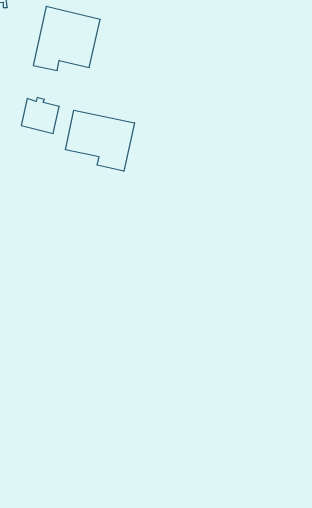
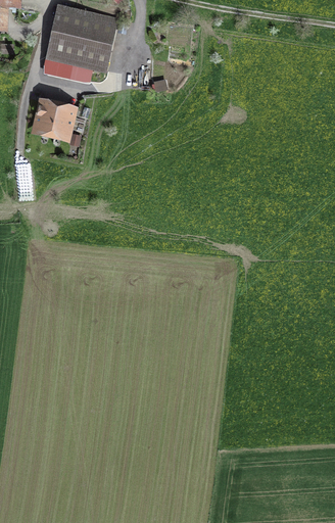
building: [65,110,134,171] -> none

